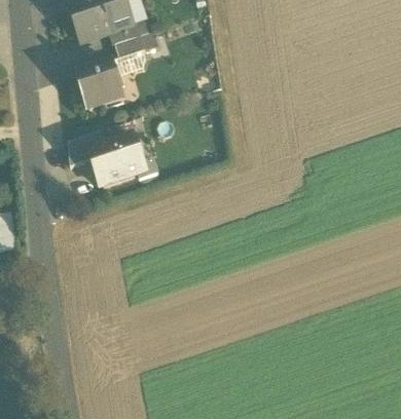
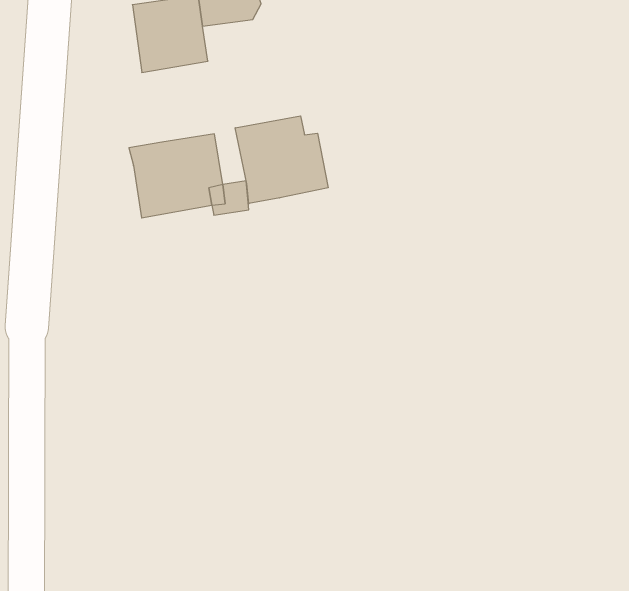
building: none -> [235,116,328,204]
building: [66,130,104,166] -> none

